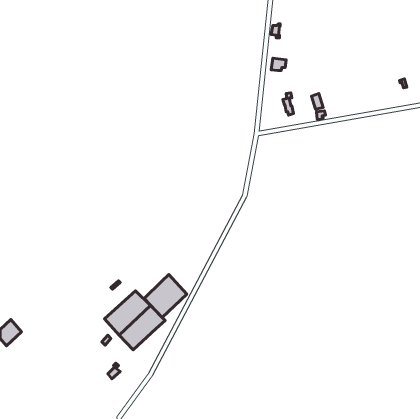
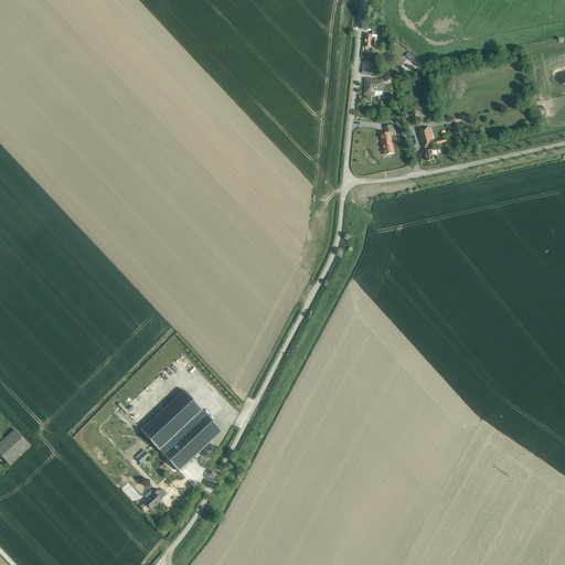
building: [144,274,187,317] -> none

